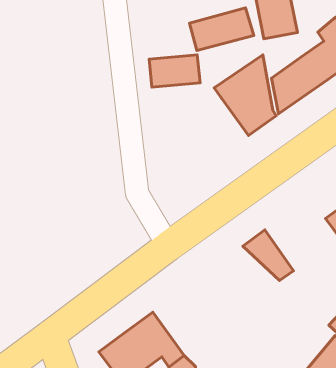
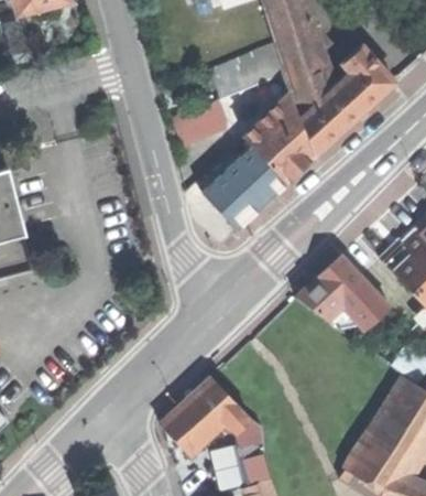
building: none -> [291,67,332,118]
building: none -> [205,145,287,226]
building: none -> [317,255,390,328]

